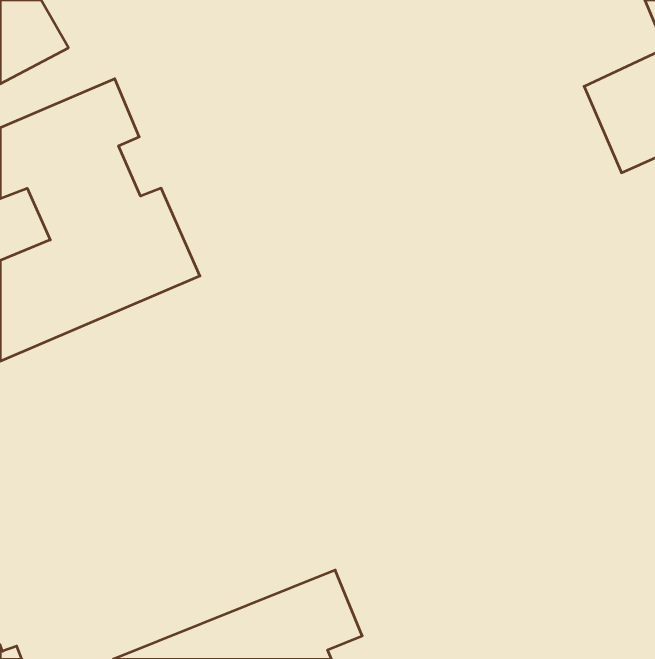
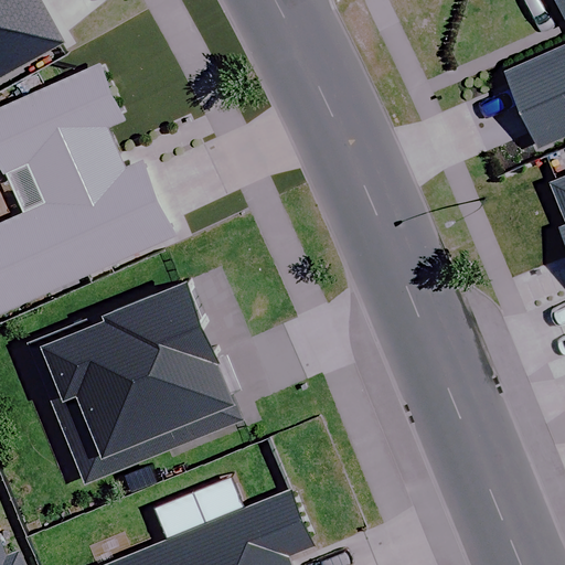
building: none -> [25,282,239,481]

